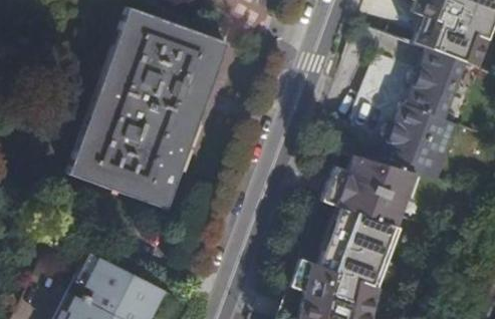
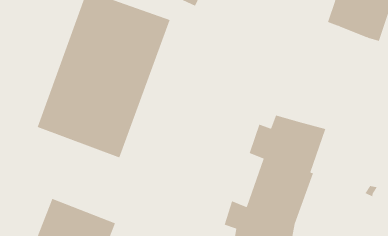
building: [352,49,466,179] -> none

